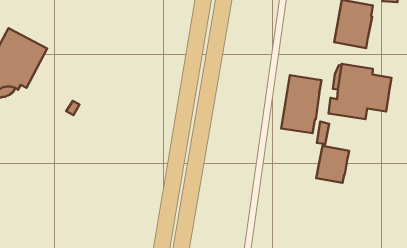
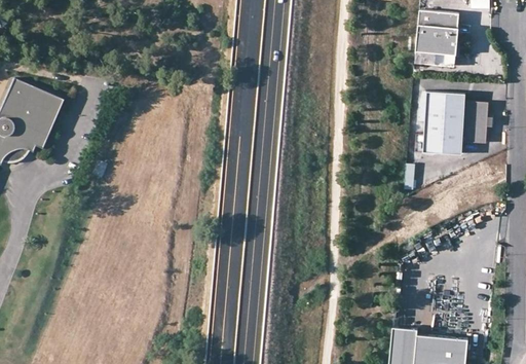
building: [281,75,322,133] -> none
building: [316,146,349,183] -> none

